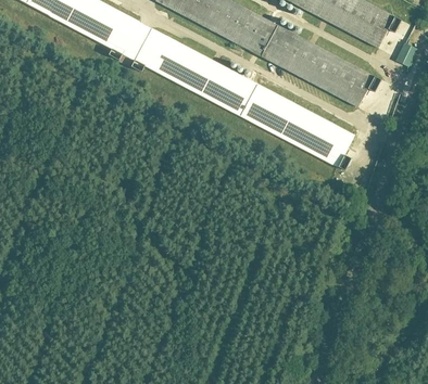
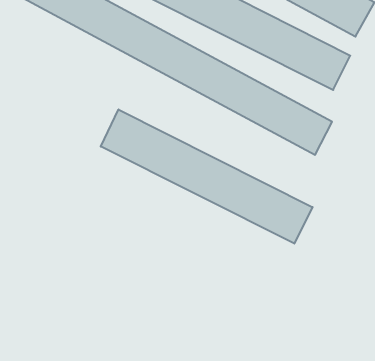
building: none -> [101,109,313,244]

